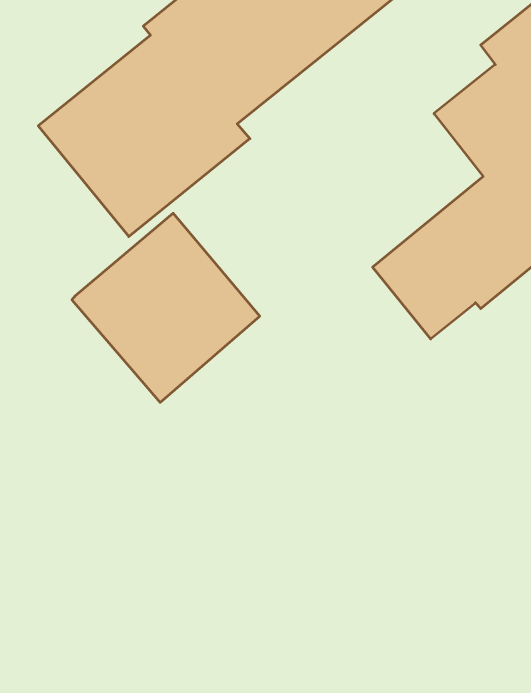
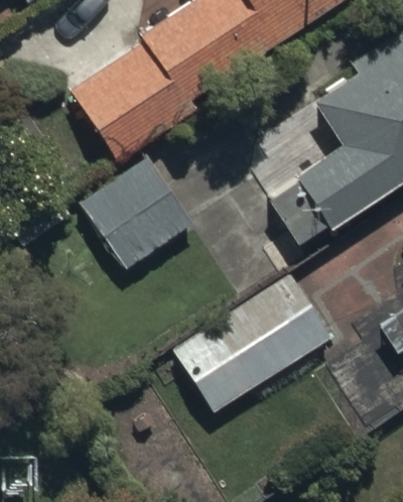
building: none -> [173,273,331,412]

